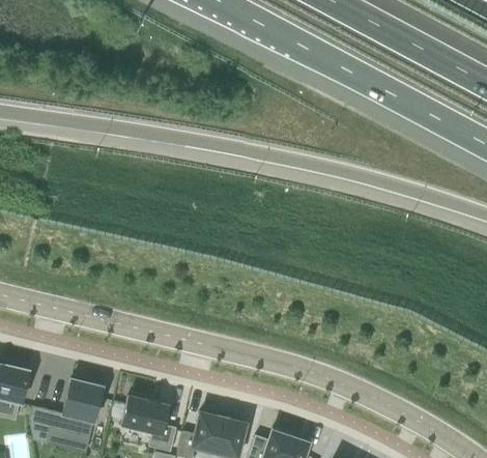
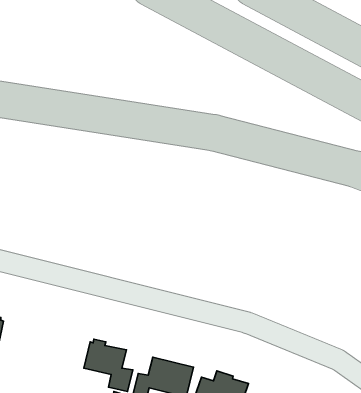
building: [30,380,103,445] -> none

